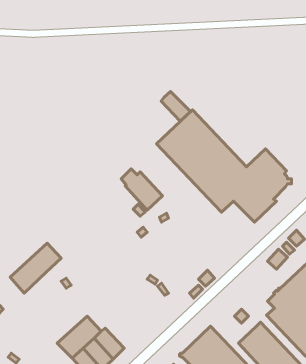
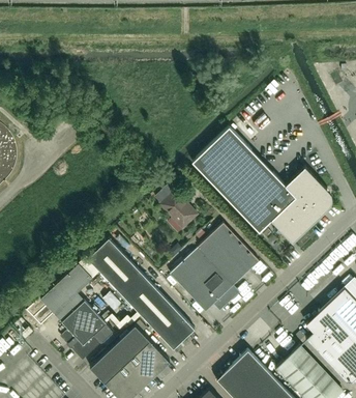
building: [161,92,191,121] -> none
building: none -> [170,225,258,313]
building: none -> [87,239,195,350]
building: none -> [55,294,113,361]
building: none -> [120,325,170,373]

